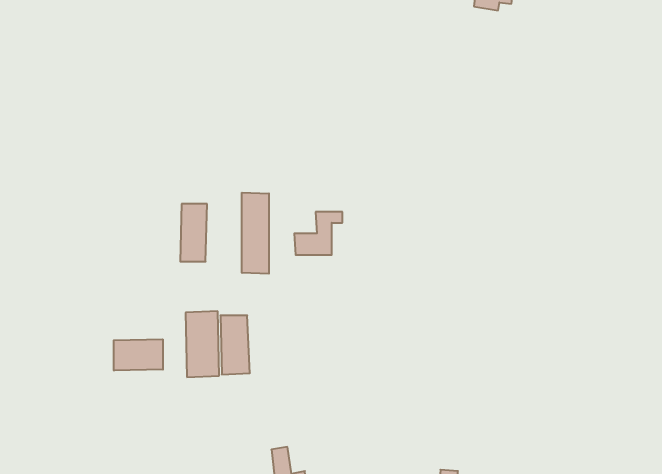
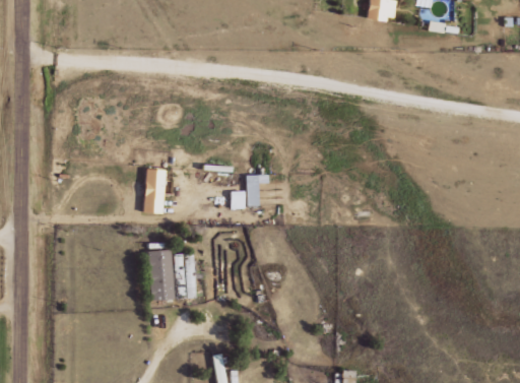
building: [242,193,269,274] -> none
building: [114,339,163,371] -> none

